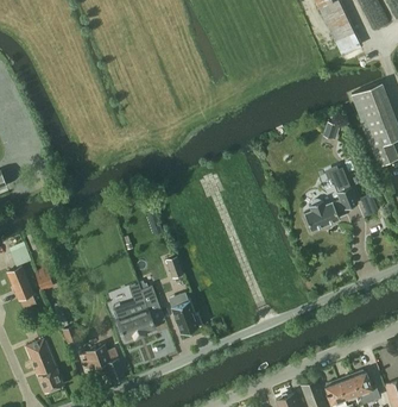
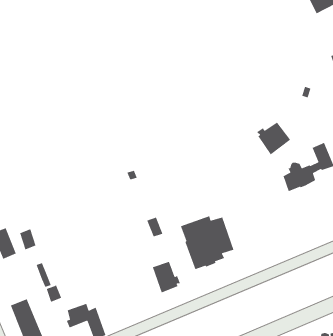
building: none -> [256,121,291,155]
building: [109,283,165,339] -> [180,215,234,270]

